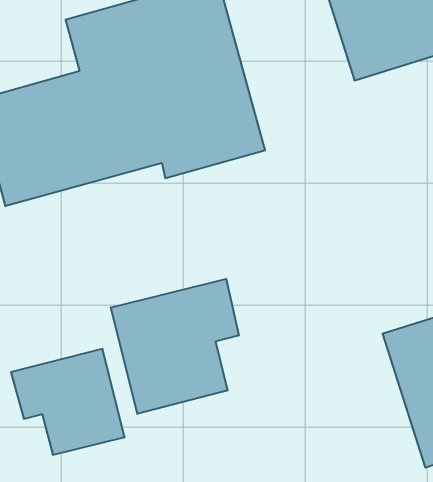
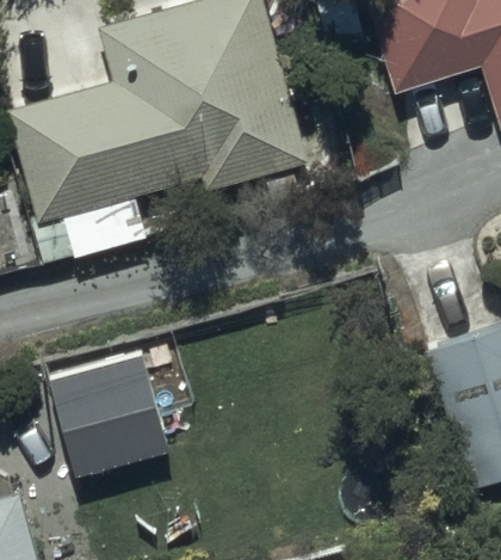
building: [111,279,239,414] -> none

